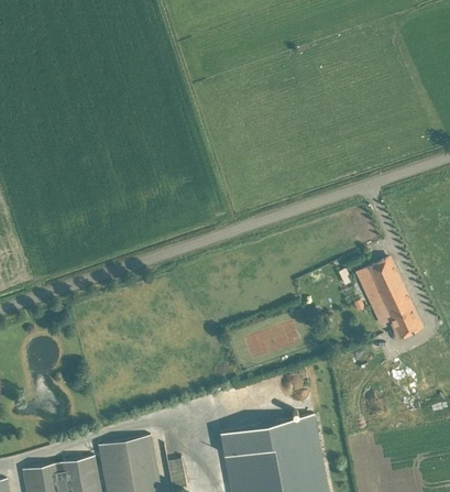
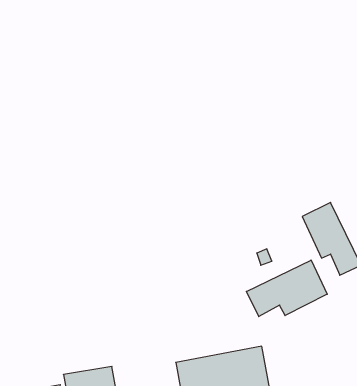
building: none -> [246,260,327,317]

